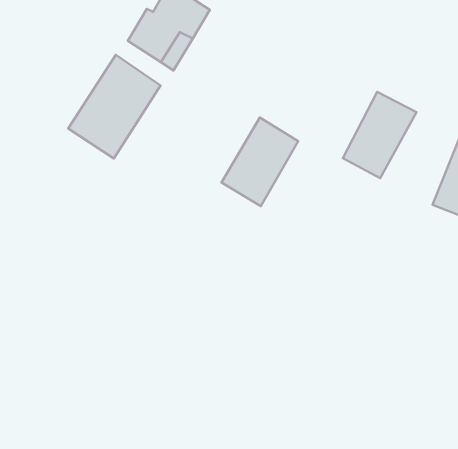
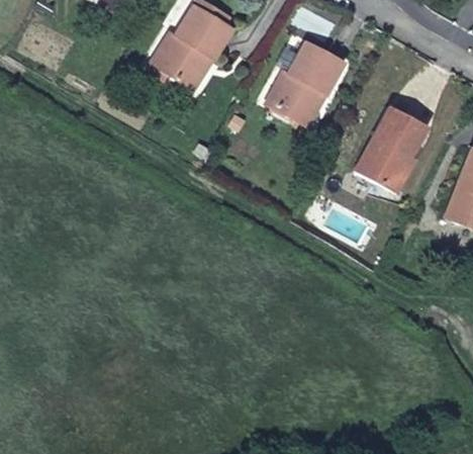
building: [68,55,160,158] -> none
building: [222,118,298,206] -> [271,39,344,123]

